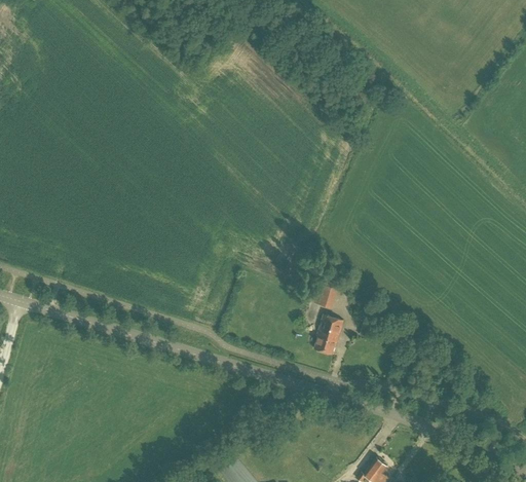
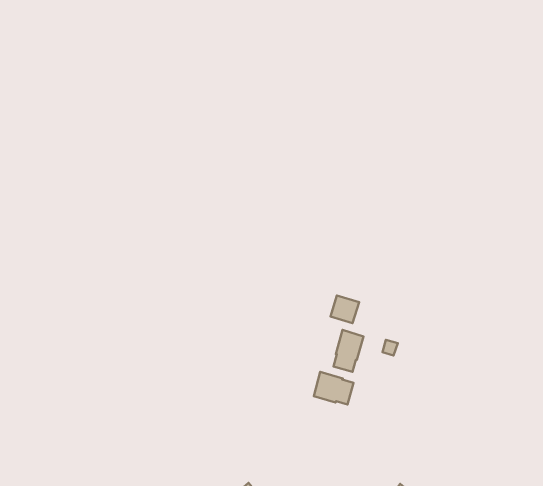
building: none -> [314,372,353,405]

